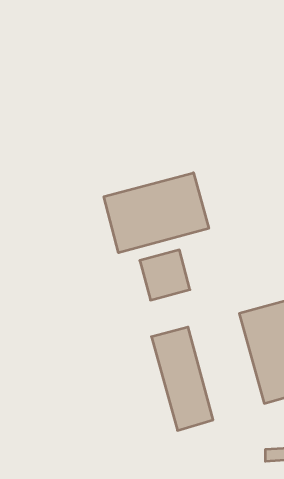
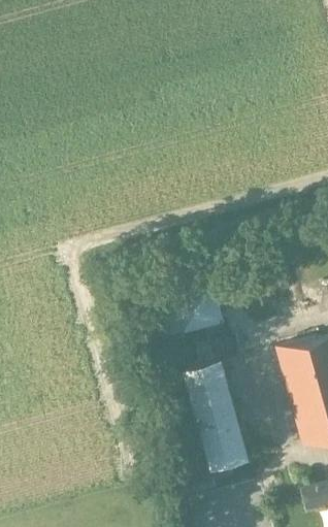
building: [104,173,209,253] -> none

